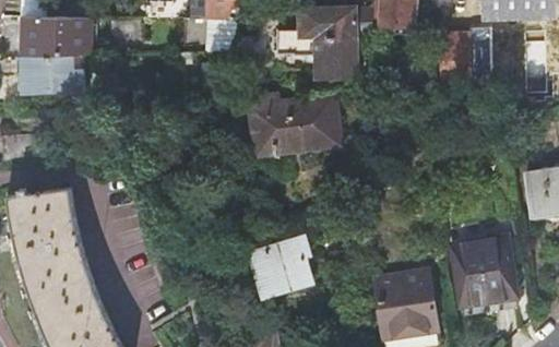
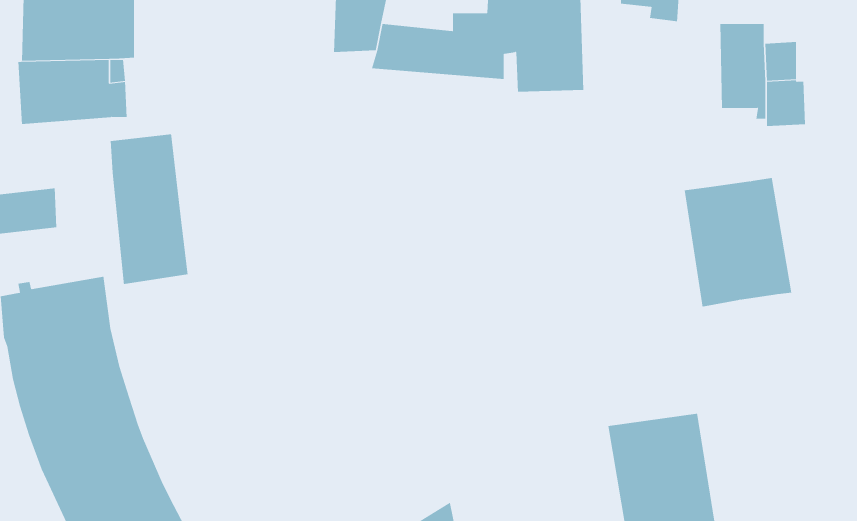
building: [251,91,342,158] -> none
building: none -> [110,133,188,285]
building: [251,235,313,296] -> none
building: [452,238,518,316] -> [684,177,792,307]

